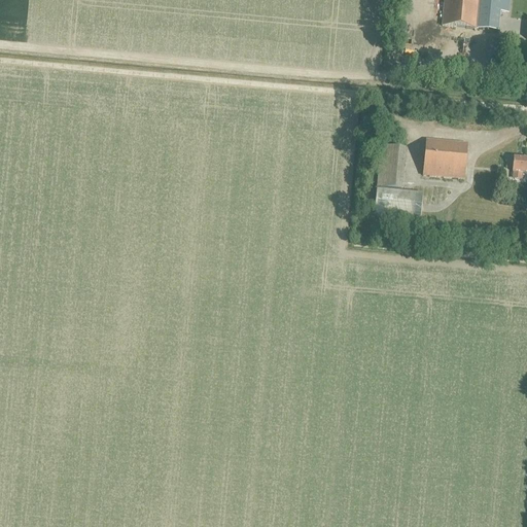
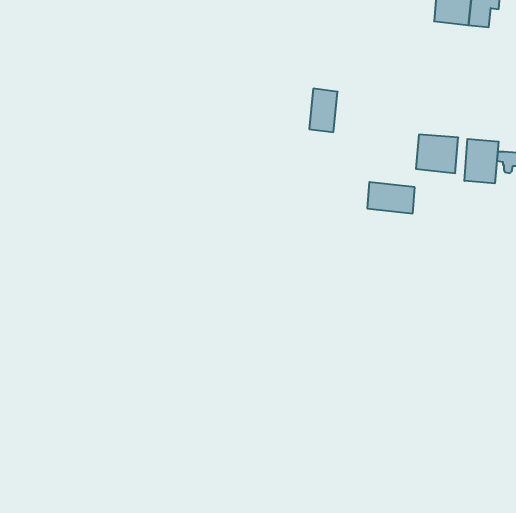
building: none -> [464,139,499,183]
building: [377,142,406,186] -> [309,89,338,132]

